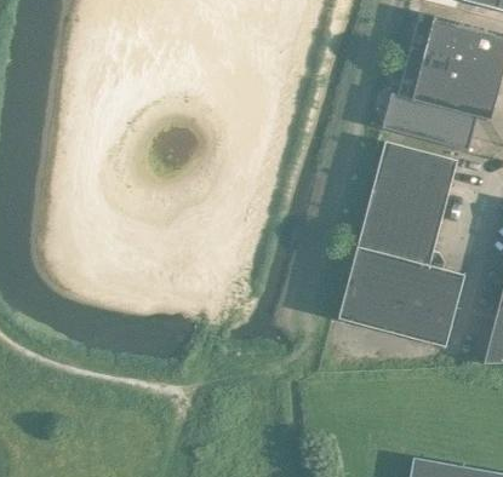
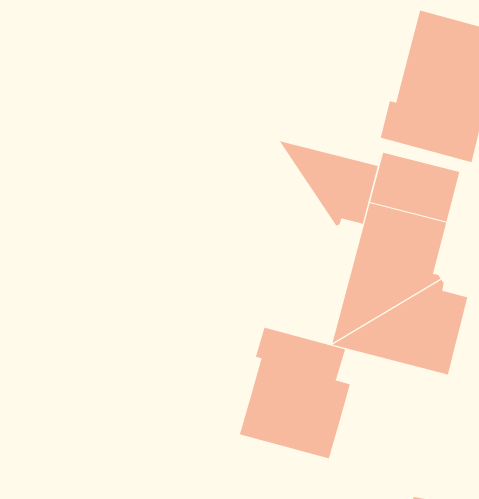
building: none -> [278,140,379,226]
building: none -> [239,327,350,459]

